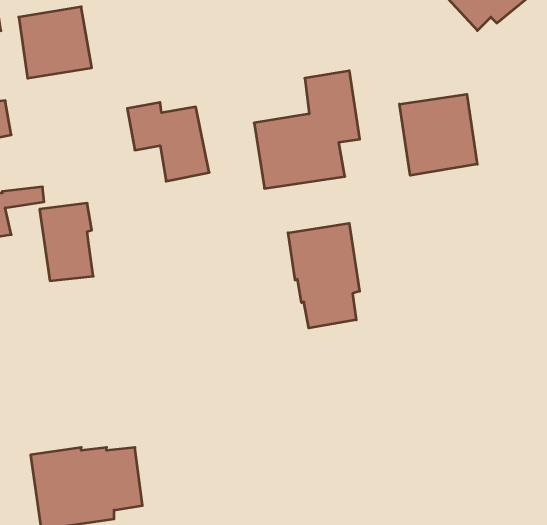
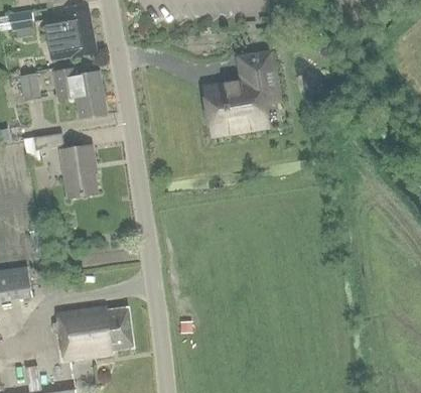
building: [399,94,477,175] -> none
building: [127,102,209,181] -> [52,67,108,120]
building: [288,223,360,328] -> none

